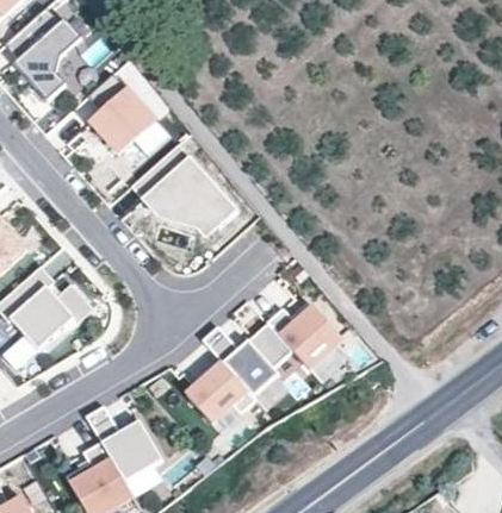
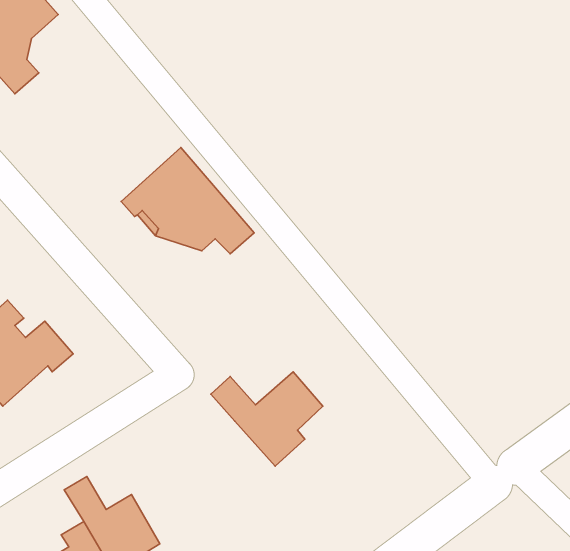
building: [87,73,155,154] -> none
building: [267,301,343,370] -> none
building: [186,362,256,424] -> none

